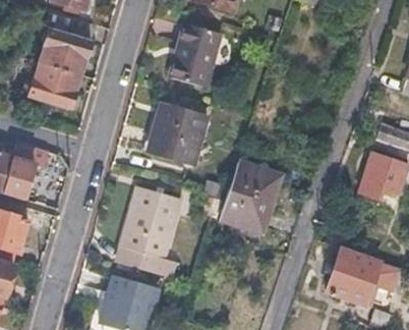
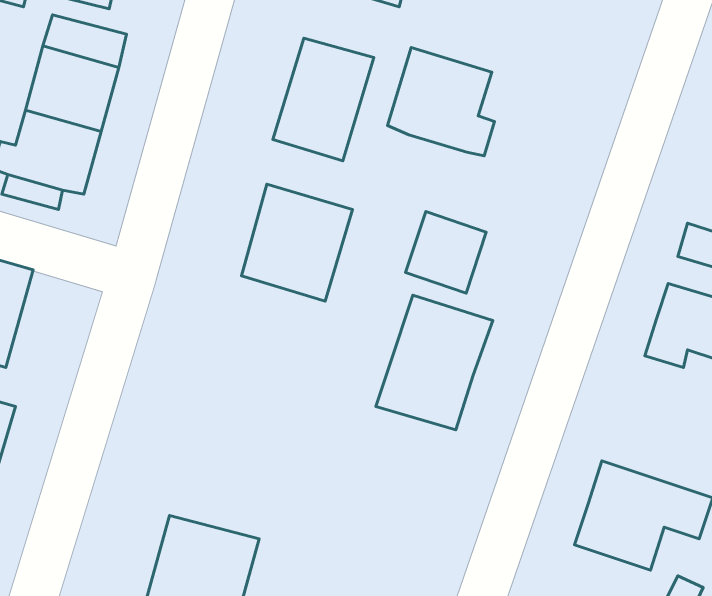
building: none -> [387,48,494,156]
building: none -> [405,212,486,293]
building: [118,185,181,275] -> none

